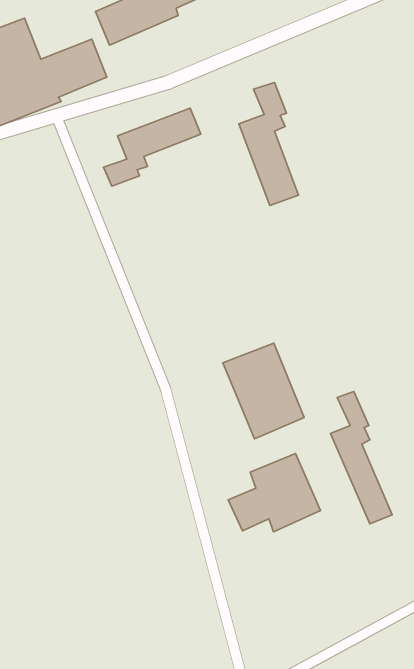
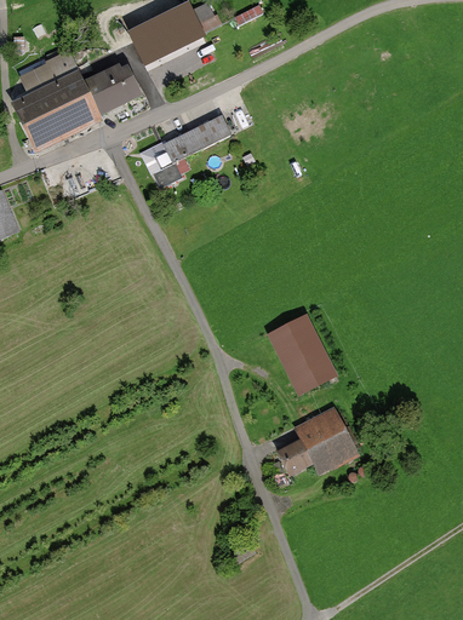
building: [239,82,298,205] -> none
building: [331,391,392,524] -> none

